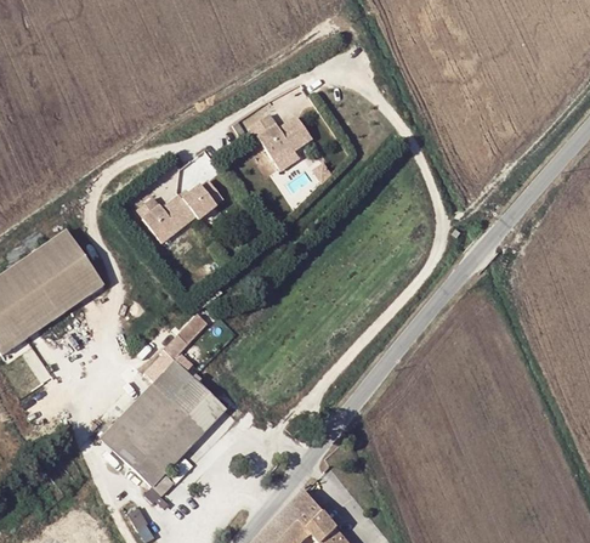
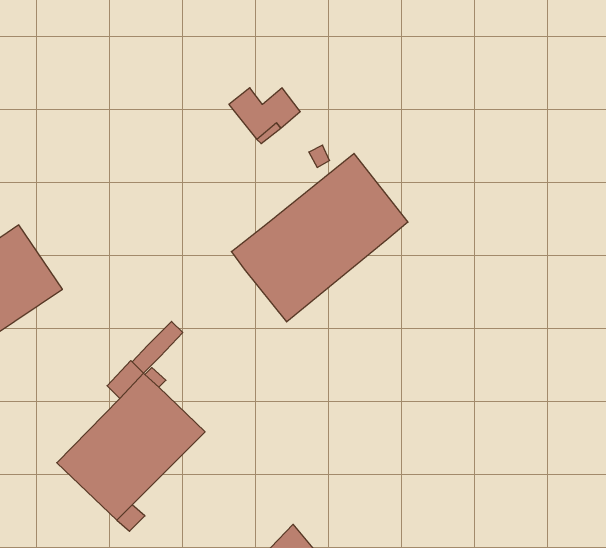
building: none -> [231,153,408,322]
building: [136,180,223,243] -> none

